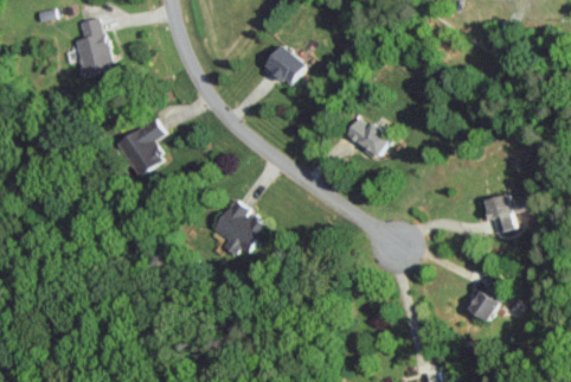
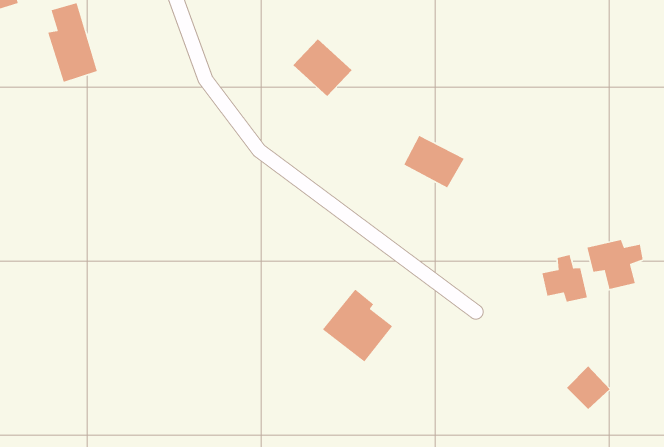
building: [123,119,168,173] -> none
building: [211,198,264,254] -> [322,288,393,363]
building: none -> [542,254,588,302]

